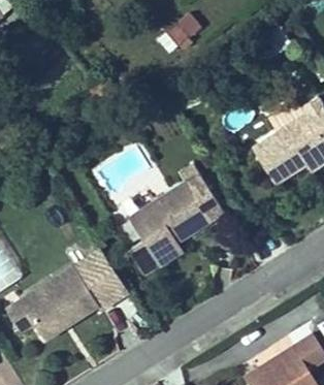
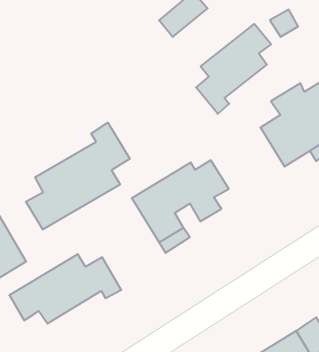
building: none -> [196,24,271,114]
building: none -> [26,123,130,230]

